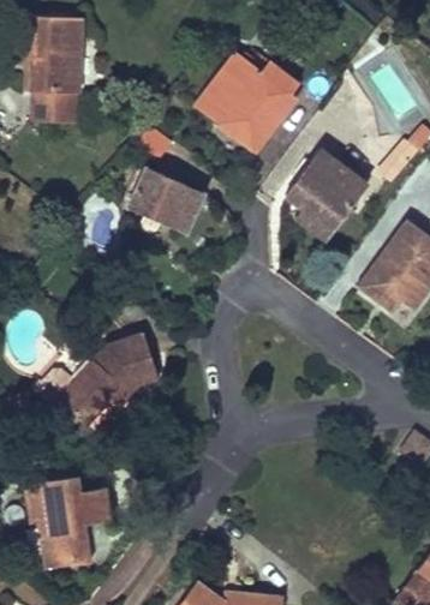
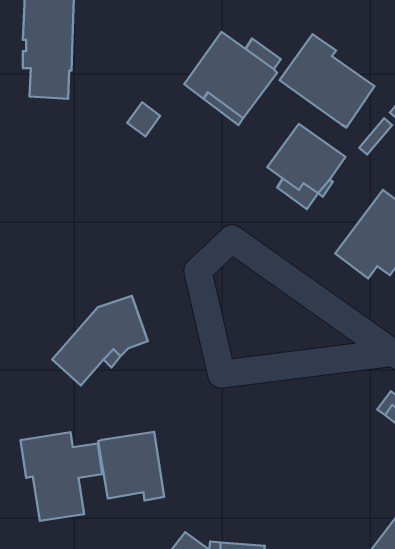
building: none -> [280,34,374,127]
building: [126,167,205,234] -> none
building: none -> [98,432,164,500]

